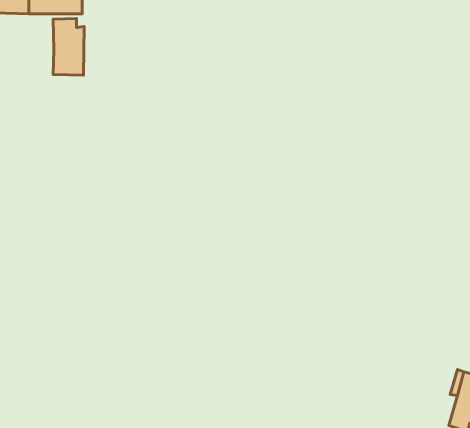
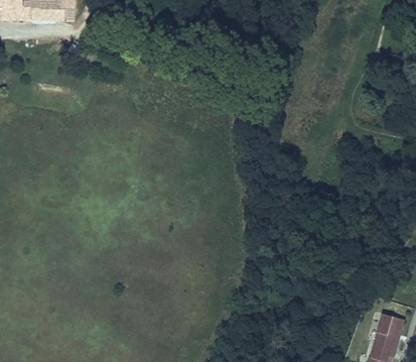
building: [53,18,84,75] -> none

